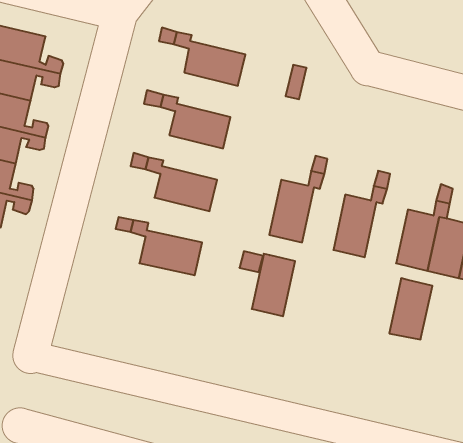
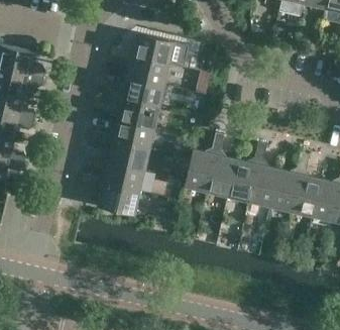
building: none -> [131,33,191,69]
building: none -> [122,77,163,107]
building: none -> [112,119,153,149]
building: none -> [102,161,144,192]
building: [252,254,295,316] -> [207,154,236,197]
building: [389,278,432,339] -> [249,164,278,206]

